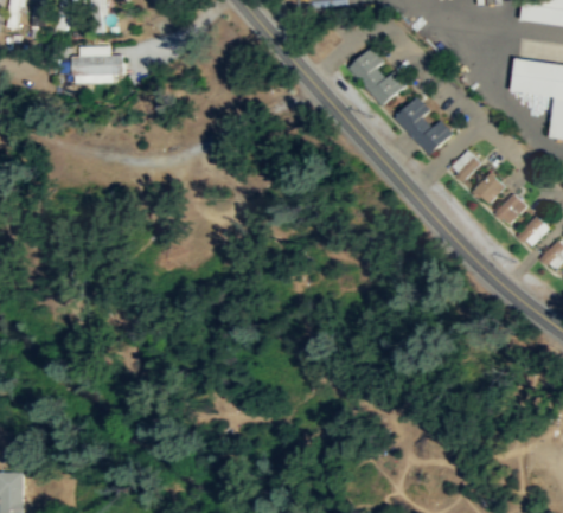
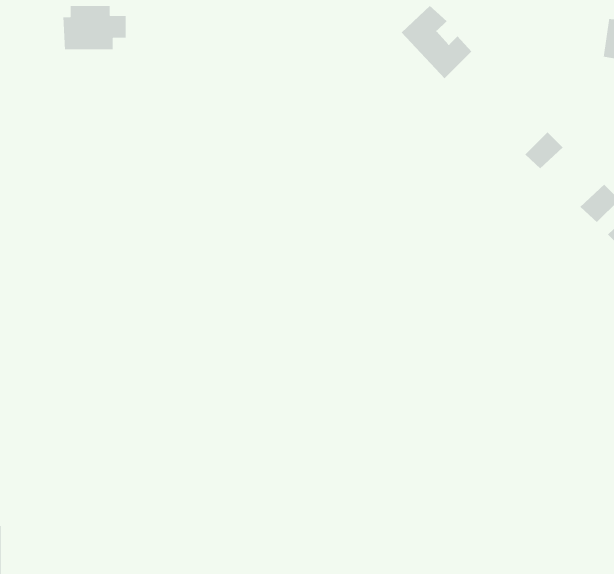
building: [394,97,453,156] -> none
building: [472,172,504,205] -> none

